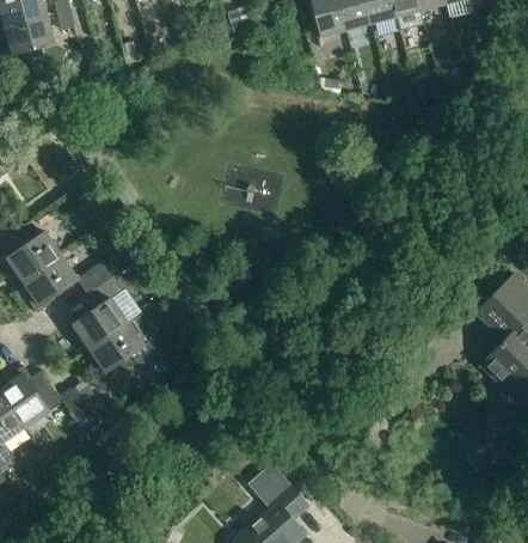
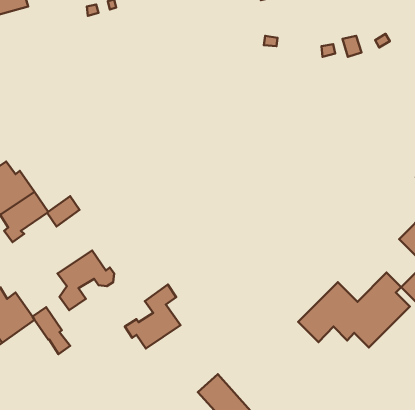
building: [65,276,128,349] -> [125,284,180,348]
building: none -> [298,273,410,347]

